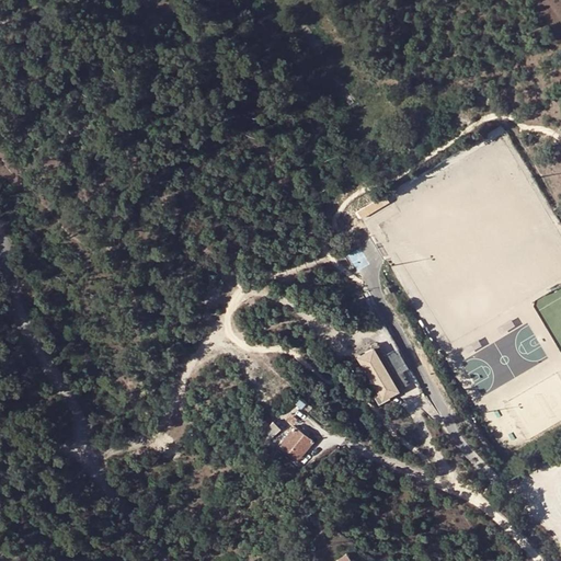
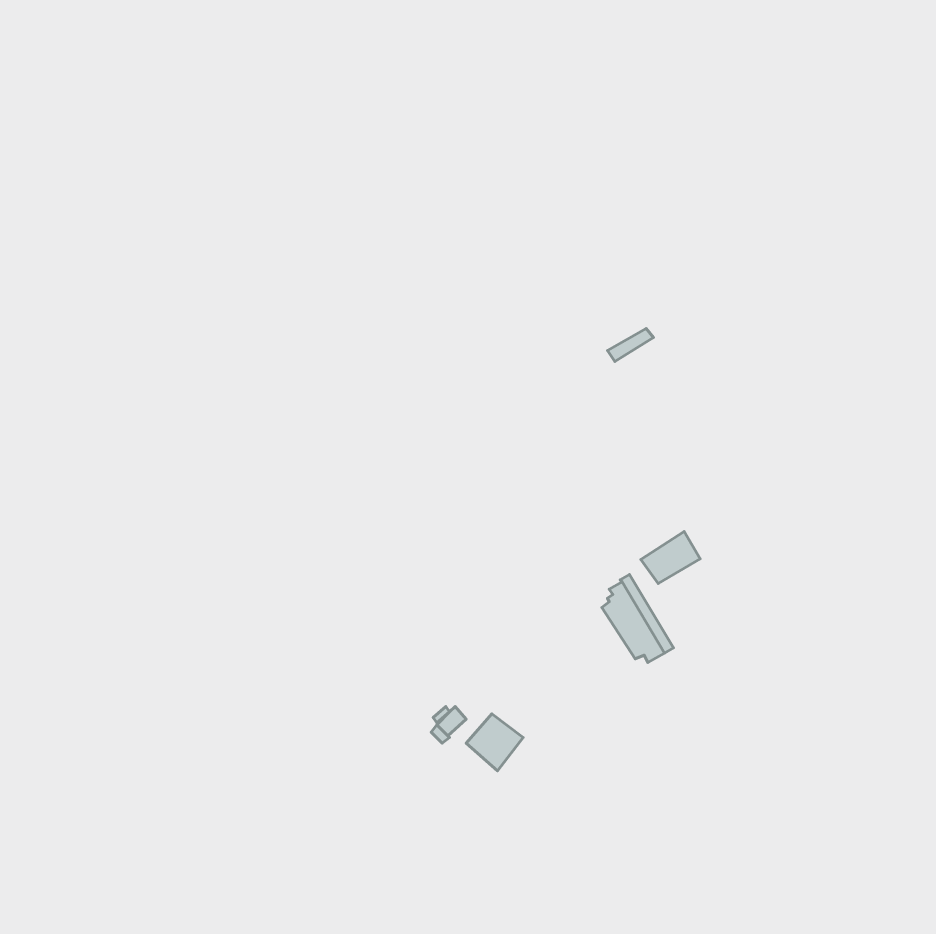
building: none -> [641,532,700,583]

